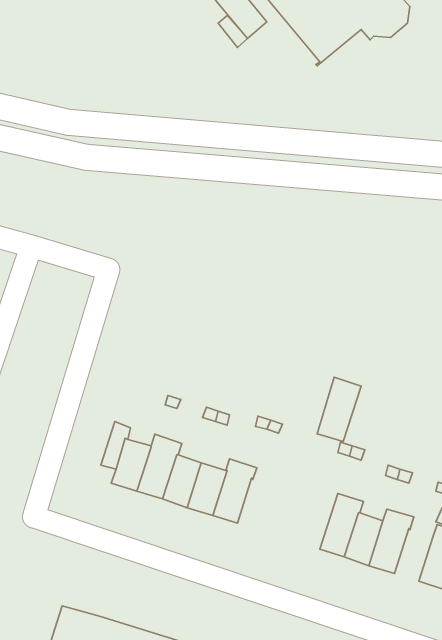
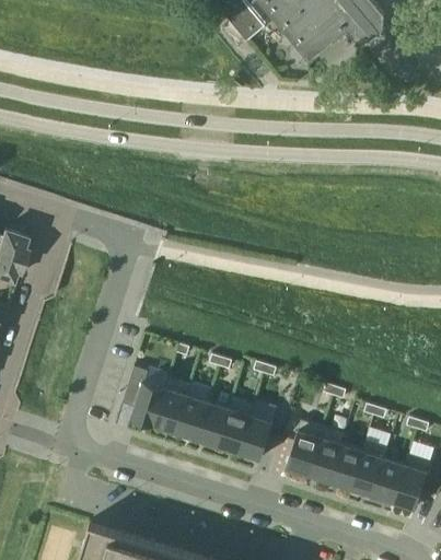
building: [317,377,361,441] -> [287,420,324,475]
building: none -> [239,415,274,460]
building: none -> [372,457,405,502]

